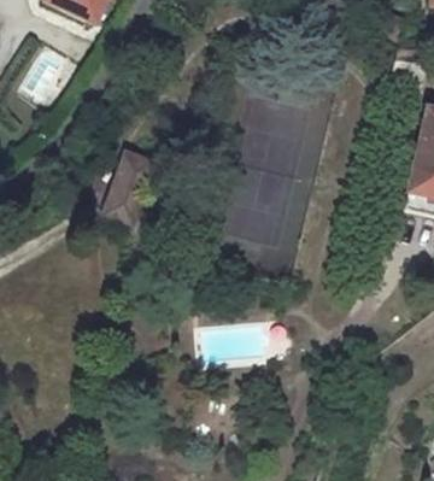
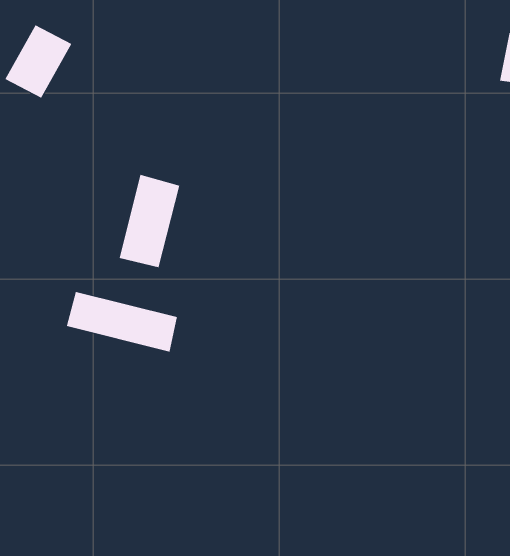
building: none -> [66,291,177,352]

